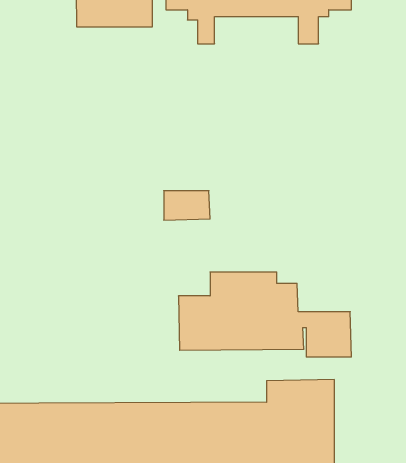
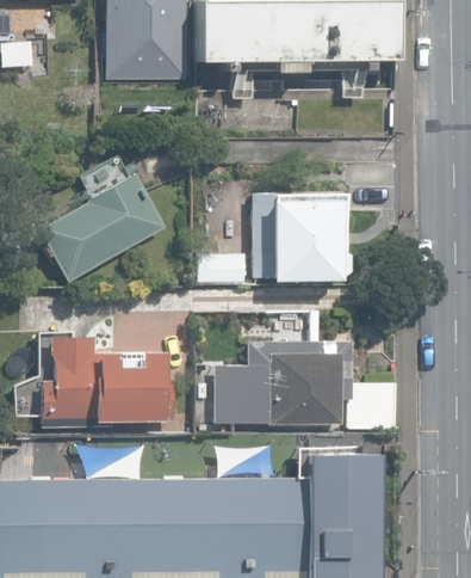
building: none -> [39,173,165,282]
building: none -> [254,191,347,281]
building: none -> [41,337,174,422]

